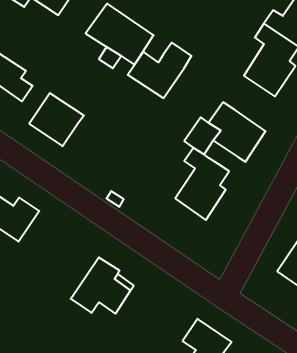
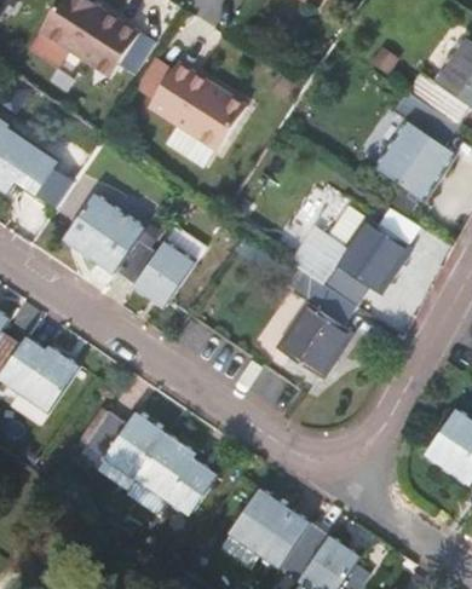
building: [128,43,192,98] -> [113,224,206,305]
building: none -> [86,410,166,490]
building: none -> [220,489,310,567]

